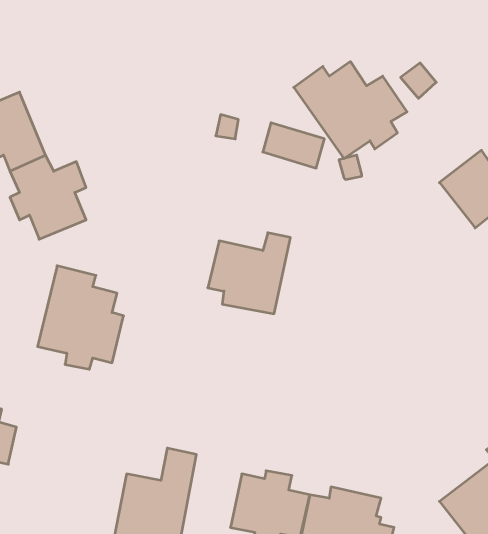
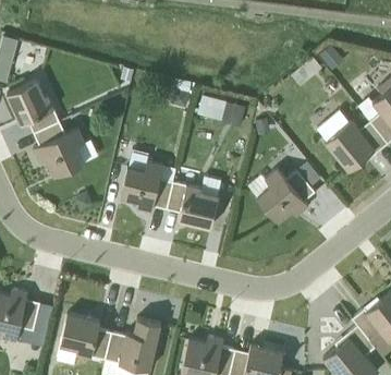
building: [294,62,407,159] -> [240,159,316,225]
building: [38,266,124,369] -> [117,143,174,213]
building: none -> [59,315,112,364]

